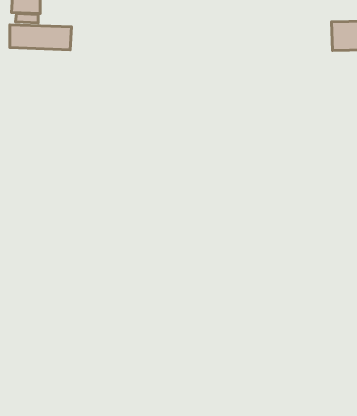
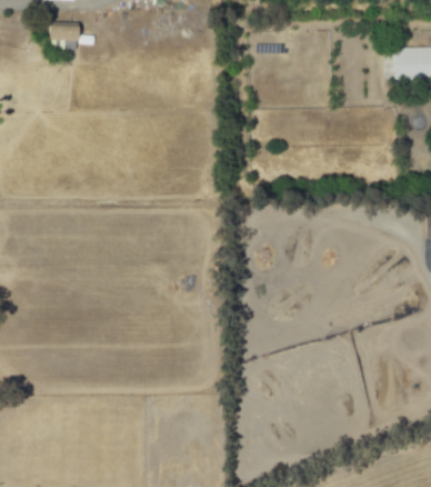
building: [10,25,71,50] -> none

